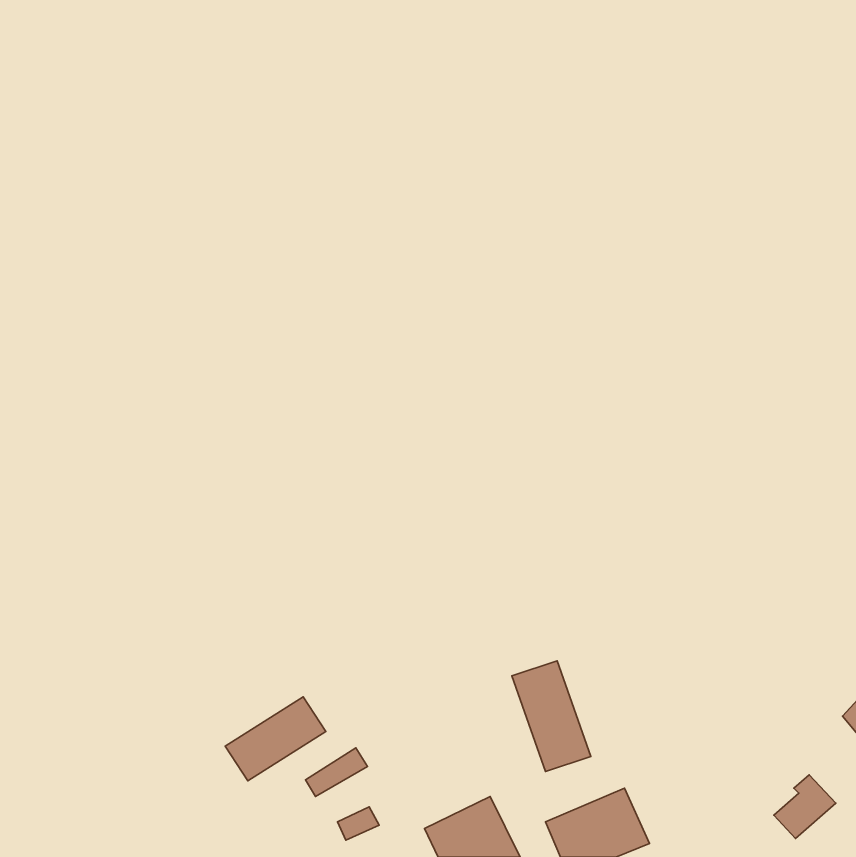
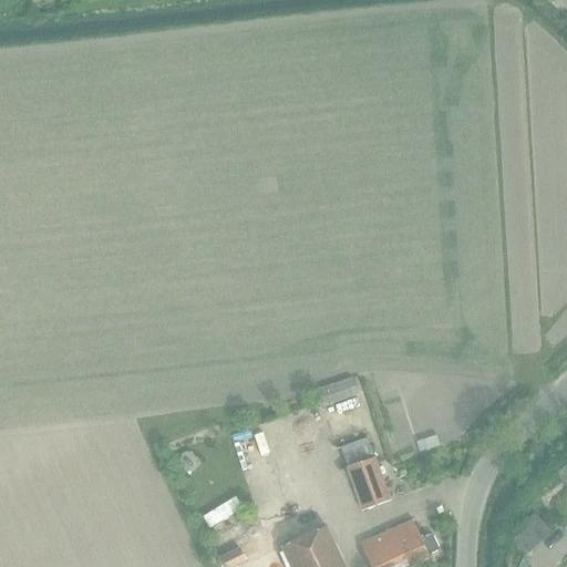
building: none -> [317,375,358,405]
building: [225,697,326,781] -> none

